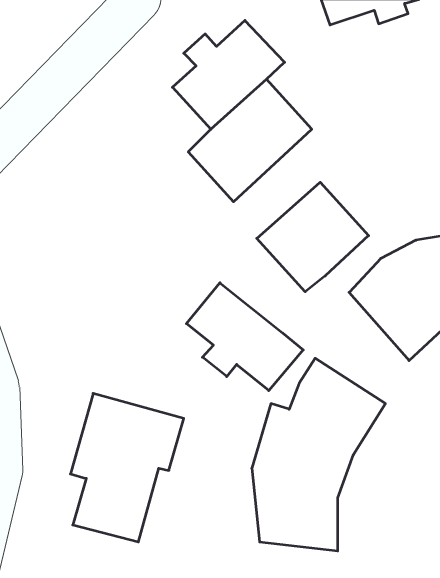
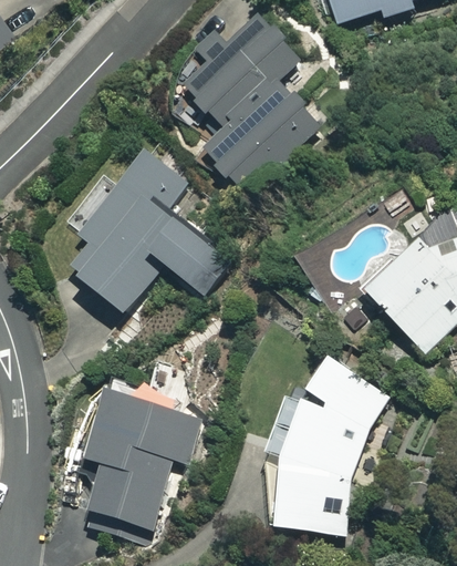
building: none -> [70,146,235,317]
building: [257,182,369,292] -> none
building: [186,283,303,391] -> none

